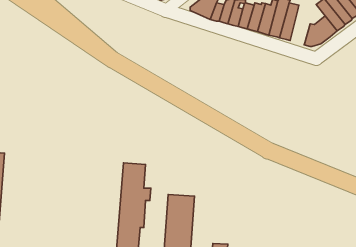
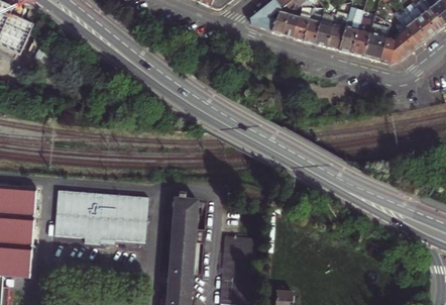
building: none -> [366,20,393,61]
building: none -> [54,188,149,243]

